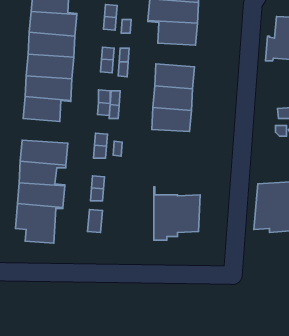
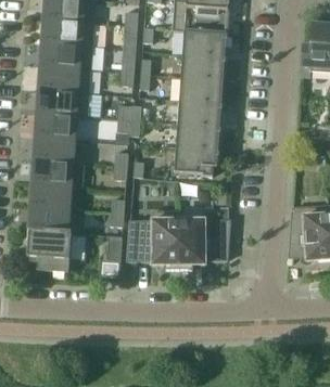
building: none -> [180,53,224,79]
building: none -> [34,136,84,163]
building: none -> [174,147,217,176]
building: none -> [127,210,178,269]

